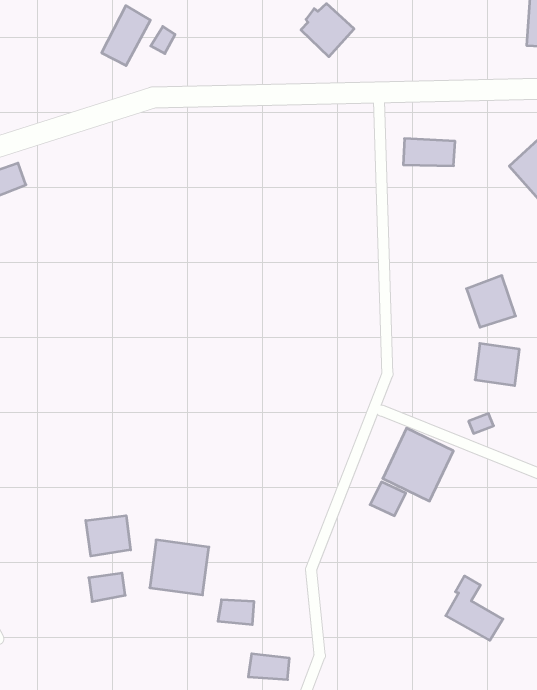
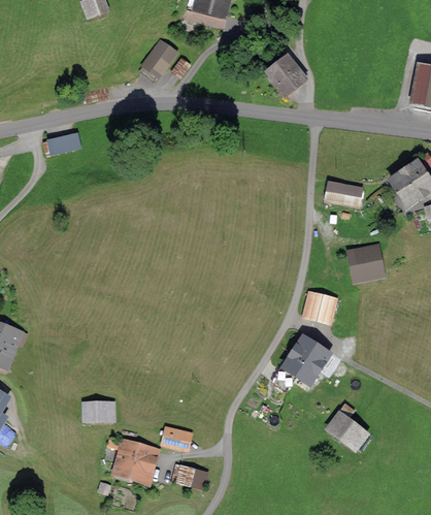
building: [403,139,455,166] -> [326,183,361,204]
building: [475,343,519,386] -> [304,291,335,321]
building: [86,516,131,556] -> none
building: [150,540,209,595] -> [115,441,157,480]
building: [446,576,503,640] -> [329,403,365,446]

